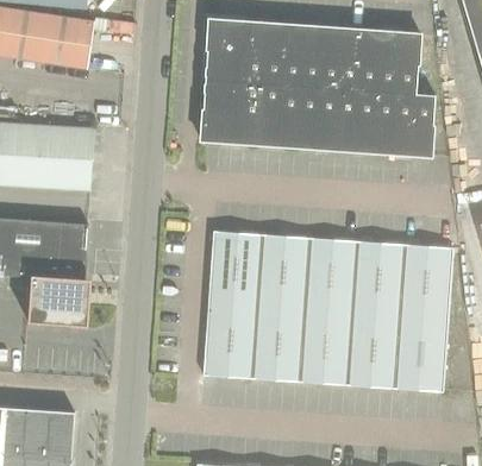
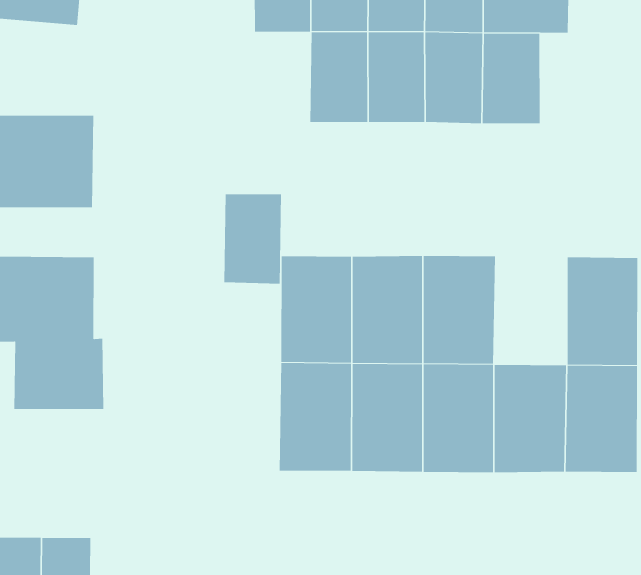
building: [200,80,243,143] -> [223,194,282,284]
building: [393,93,434,156] -> none
building: [351,240,405,316] -> none

